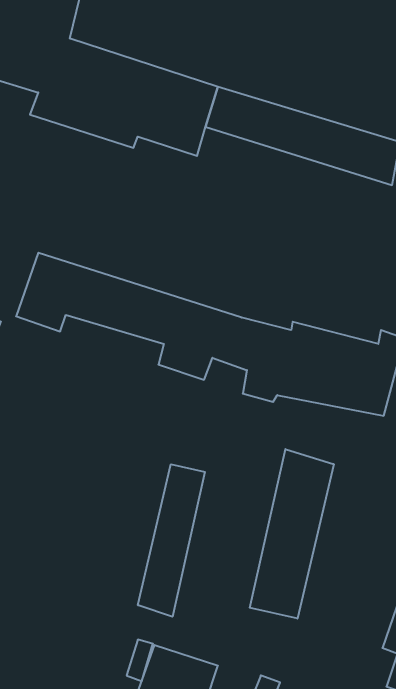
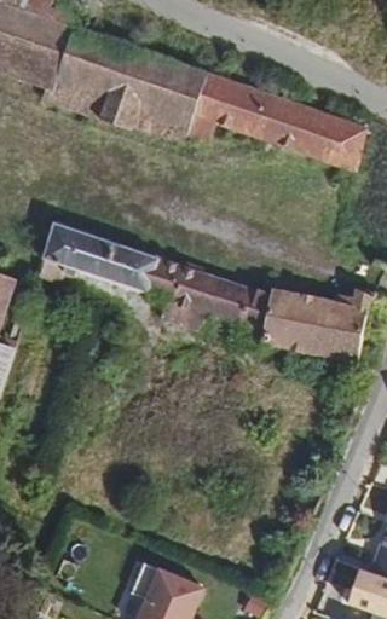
building: [250,449,334,619] -> none
building: [138,464,205,617] -> none

